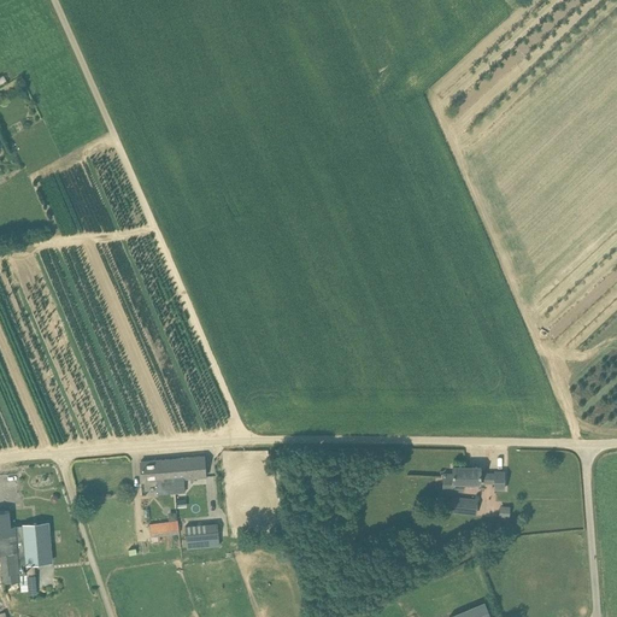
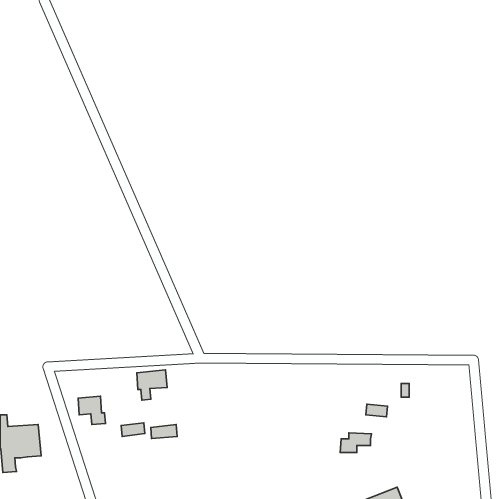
building: [141,460,175,495] -> [78,396,105,425]
building: [442,468,481,492] -> [340,433,371,452]

